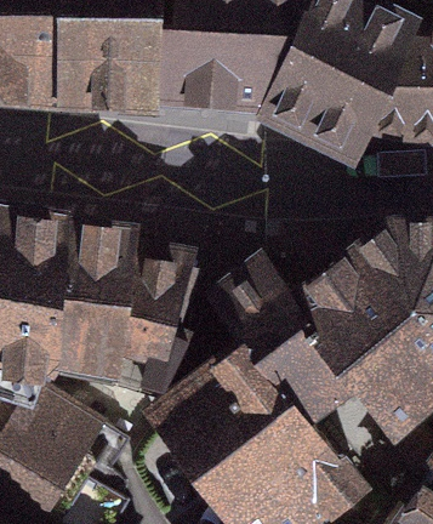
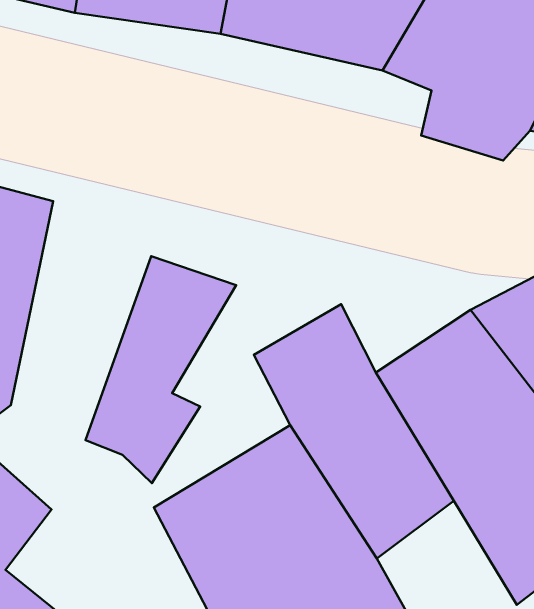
building: [59,227,139,392] -> none

